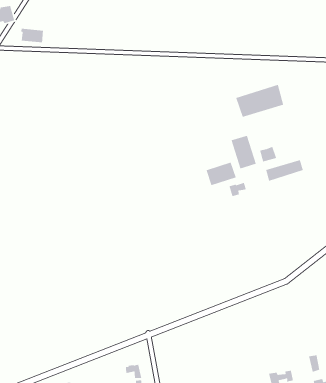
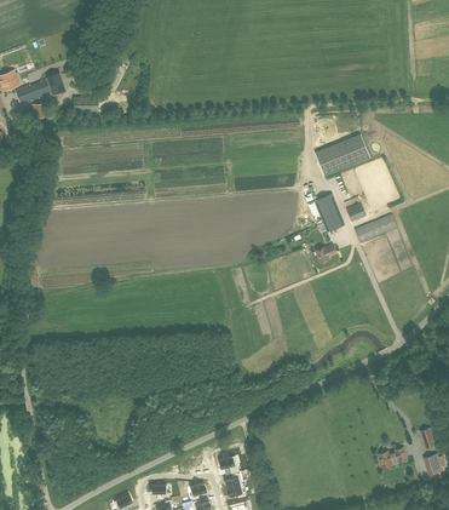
building: [205,162,237,186] -> none

